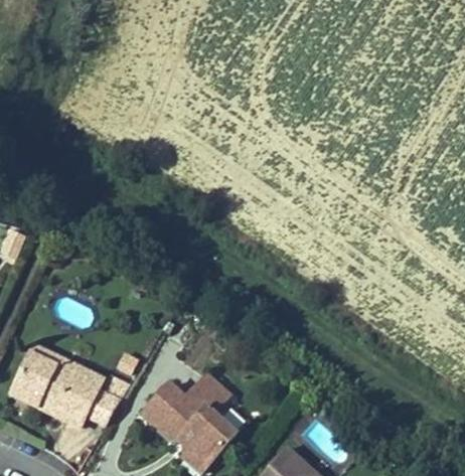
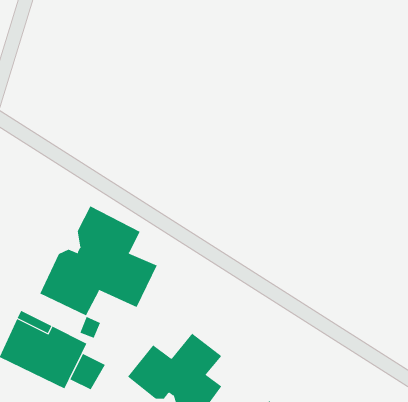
building: none -> [40,205,157,316]

